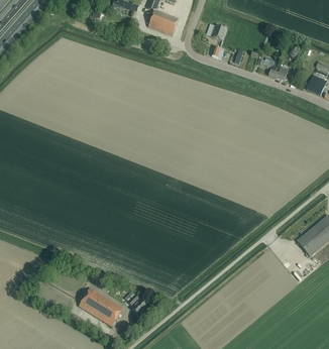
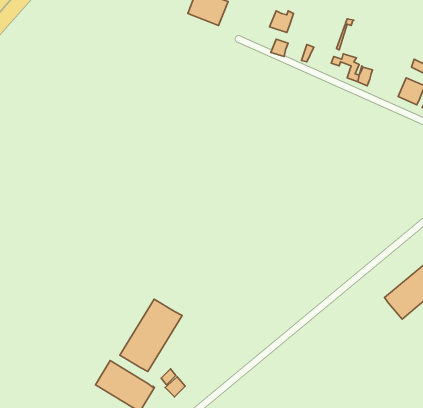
building: none -> [120,299,182,372]

